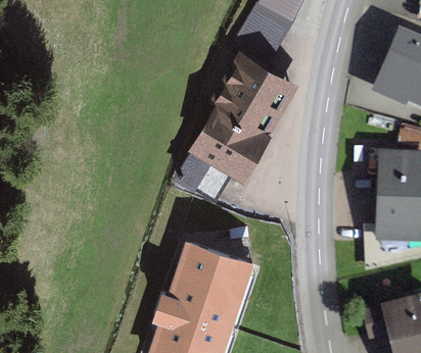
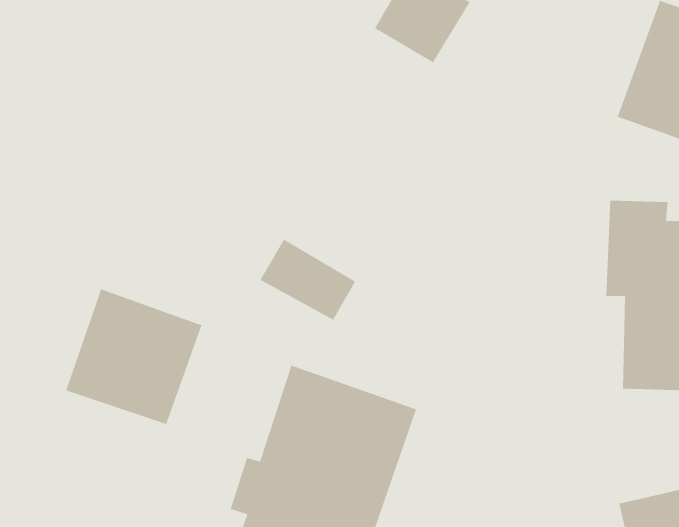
building: [180,53,295,183] -> none
building: none -> [66,289,202,425]

